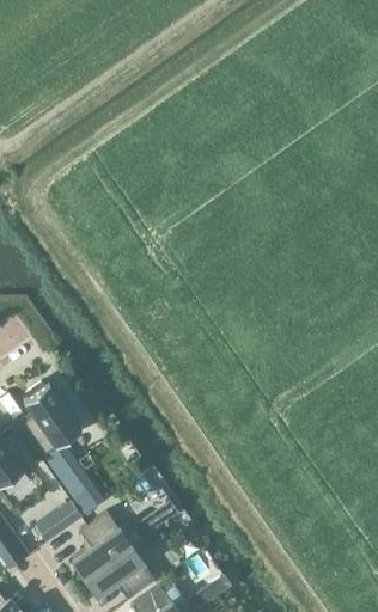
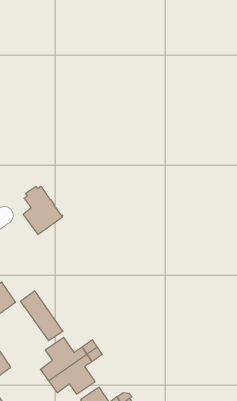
building: [22,385,80,457] -> [23,186,63,234]
building: [35,503,81,545] -> none

